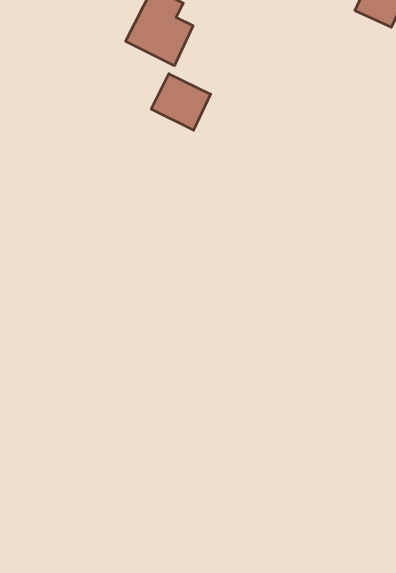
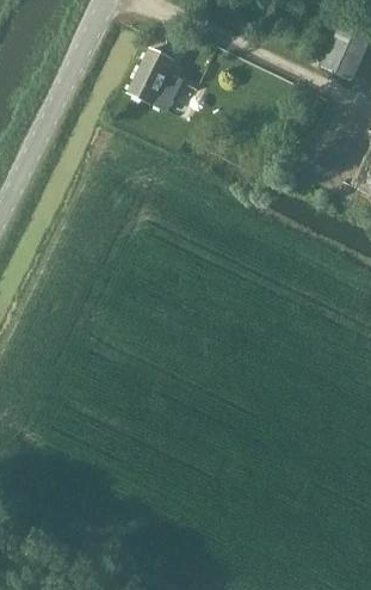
building: [151,74,211,130] -> none

